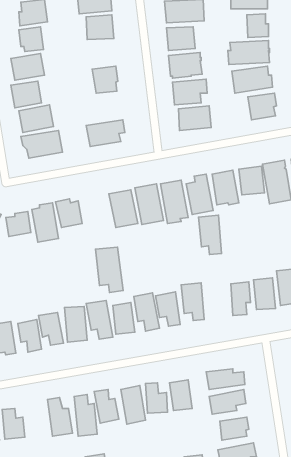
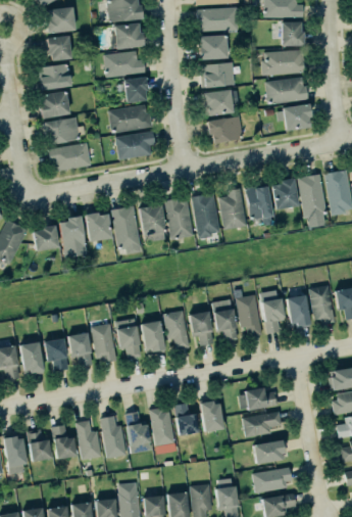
building: none -> [105,51,145,78]
building: none -> [111,106,152,132]
building: [199,215,221,255] -> [238,295,261,336]
building: [96,247,123,293] -> [113,207,142,254]
building: none -> [52,425,78,460]

